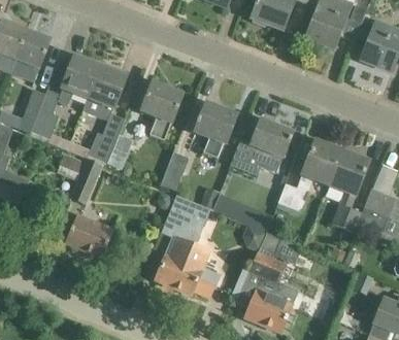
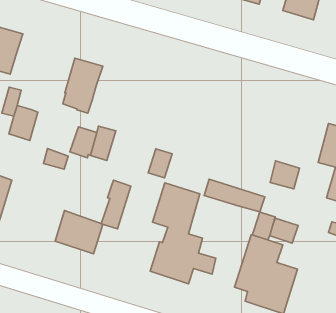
building: [57,56,99,105] -> none
building: [140,81,182,140] -> none
building: [194,103,236,158] -> none
building: [231,120,292,172] -> none
building: [300,140,340,188] -> none
building: [71,157,103,204] -> [101,180,131,229]

